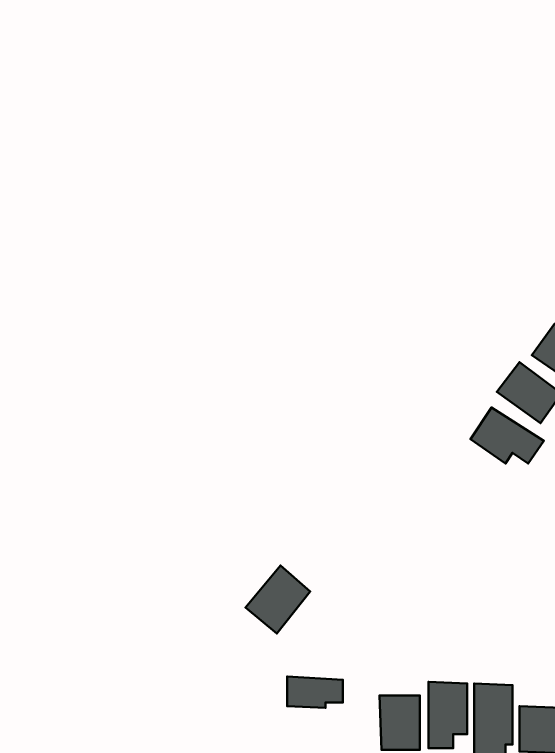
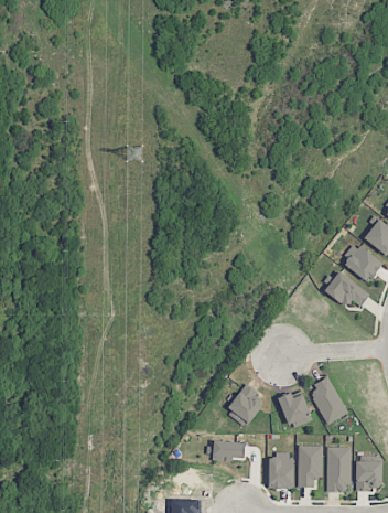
building: [245,565,310,634] -> [226,384,267,427]
building: none -> [309,377,349,425]
building: none -> [278,392,313,427]

